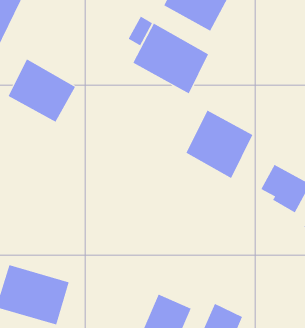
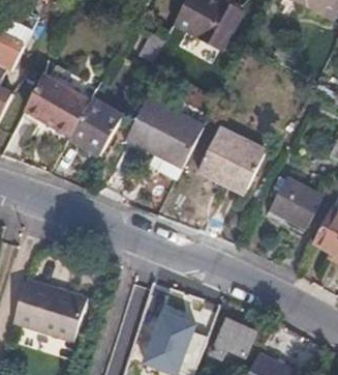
building: [133,23,209,94] -> [126,97,202,168]
building: none -> [70,99,121,154]

